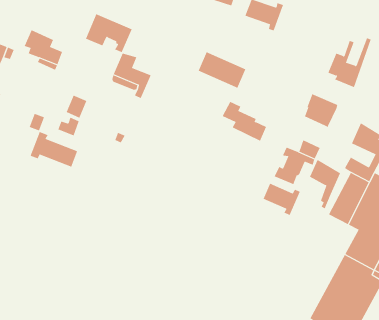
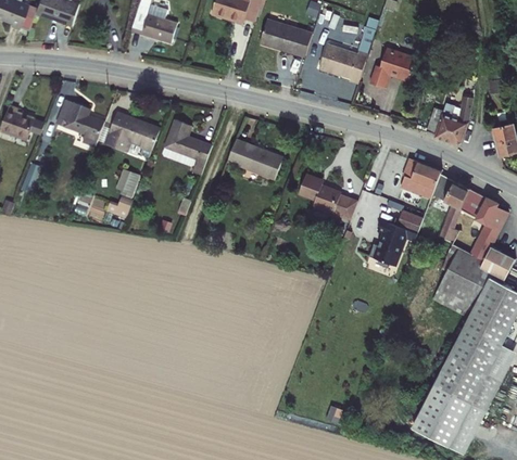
building: none -> [368,50,412,90]
building: [85,14,133,53] -> [104,111,161,156]
building: [198,52,246,88] -> [225,136,283,178]
building: [30,131,78,168] -> none
building: [309,159,341,209] -> [430,171,468,231]
building: [263,183,300,216] -> none

